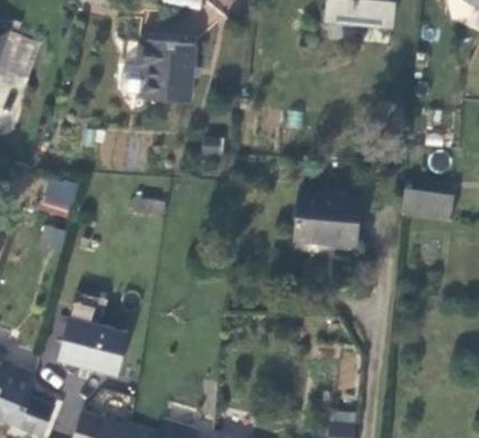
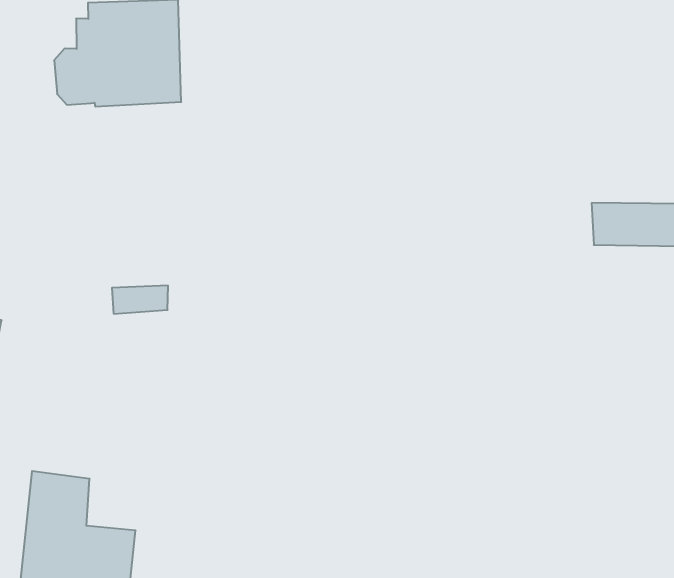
building: [295,192,360,247] -> none

